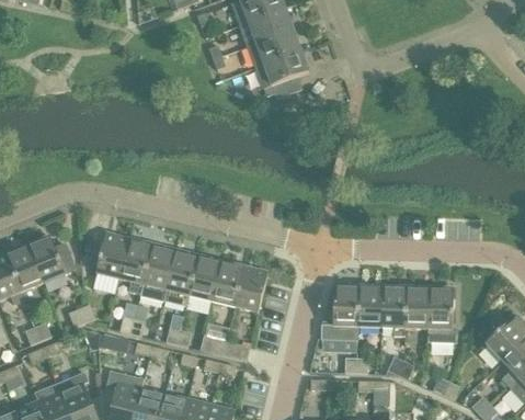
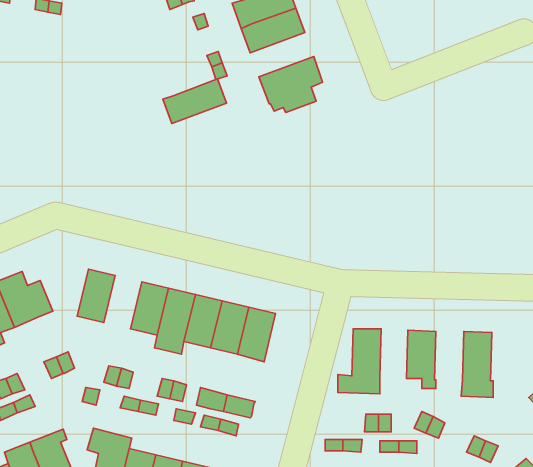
building: [246,29,300,67] -> [163,79,226,123]
building: [119,238,152,295] -> none
building: [357,284,381,327] -> none
building: [404,286,430,328] -> none

